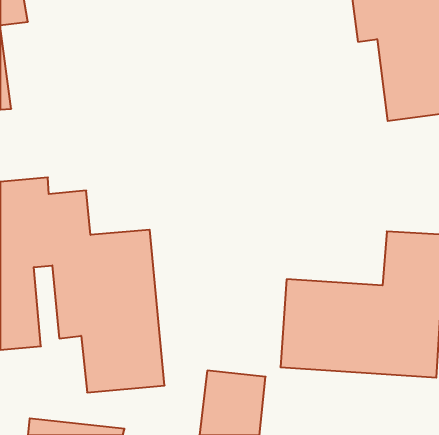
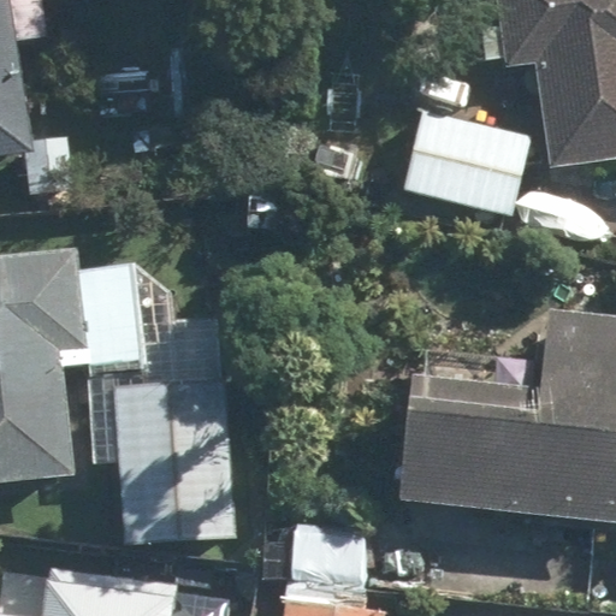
building: none -> [409,112,527,206]

